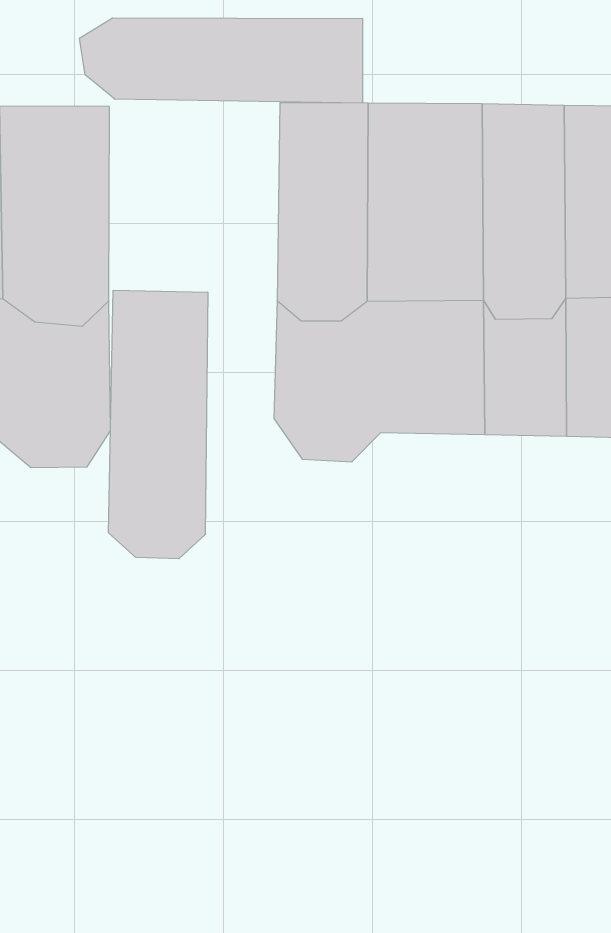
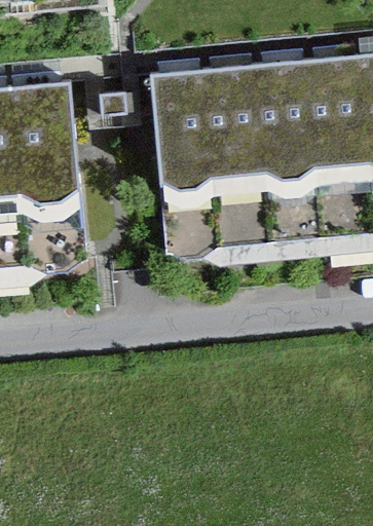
building: [80,18,362,103] -> none
building: [109,290,208,559] -> none

